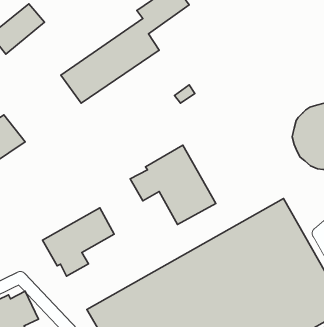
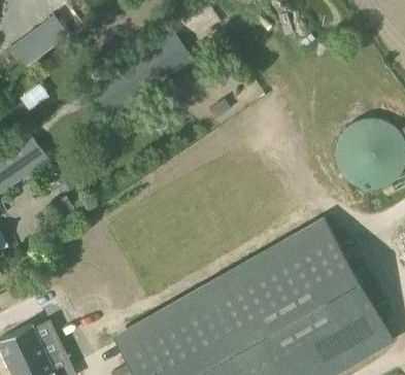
building: [130,145,216,224] -> none
building: [42,208,114,276] -> none

